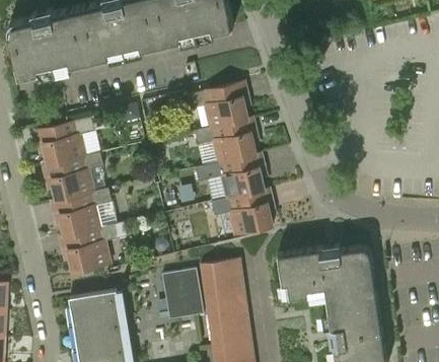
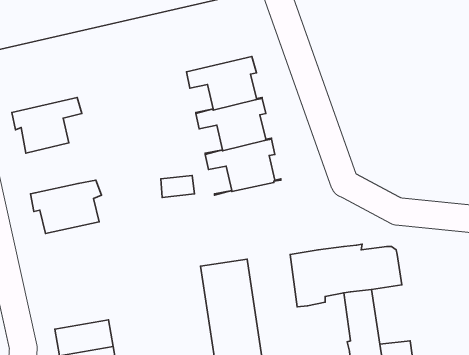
building: [43,153,103,200] -> none
building: [211,189,272,234] -> none
building: [59,222,126,273] -> none
building: [161,268,203,318] -> none
building: [348,280,381,332] -> none
building: [69,292,119,318] -> none

